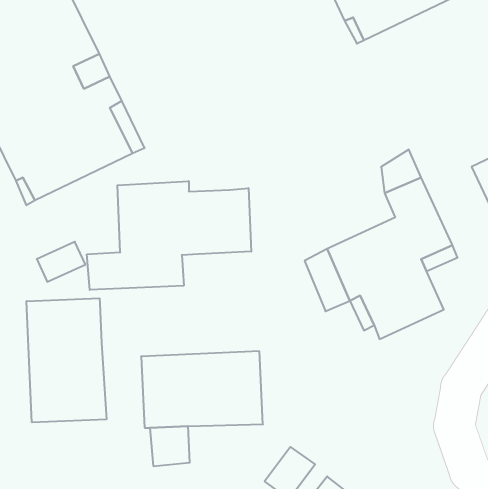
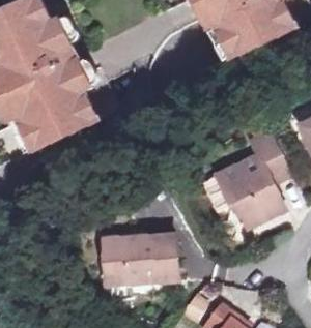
building: [87,181,251,290] -> none
building: [27,298,106,422] -> none

